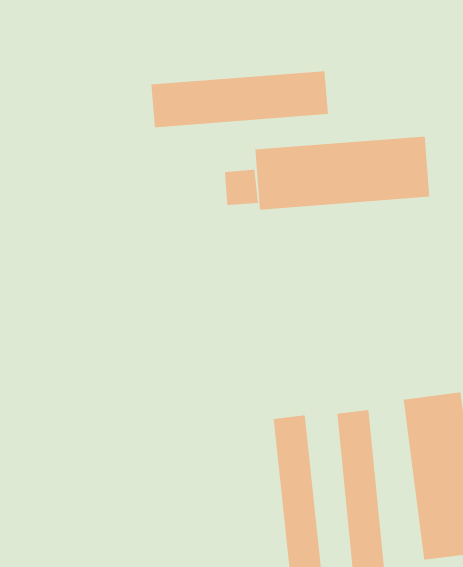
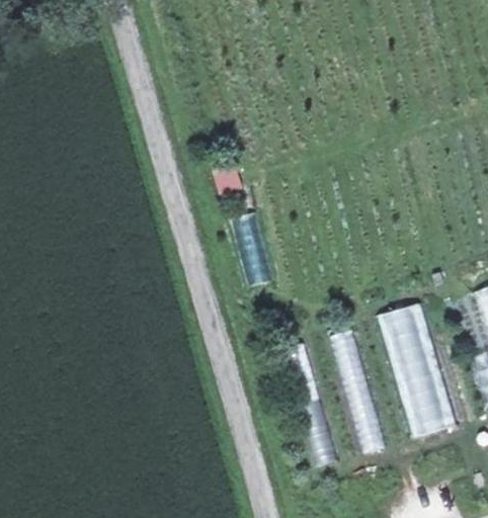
building: [151,70,328,128] -> none
building: [255,136,430,210] -> none

